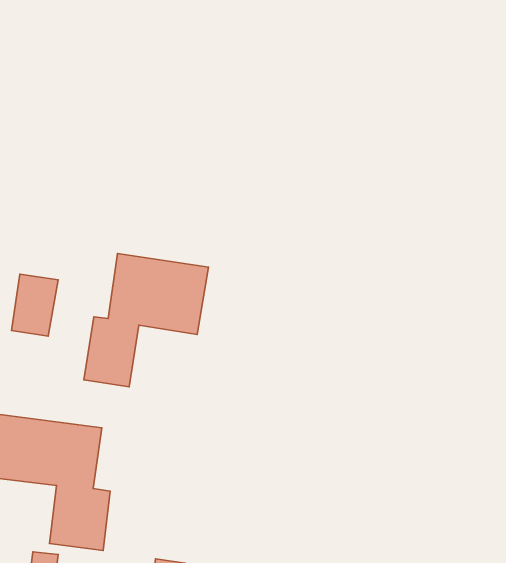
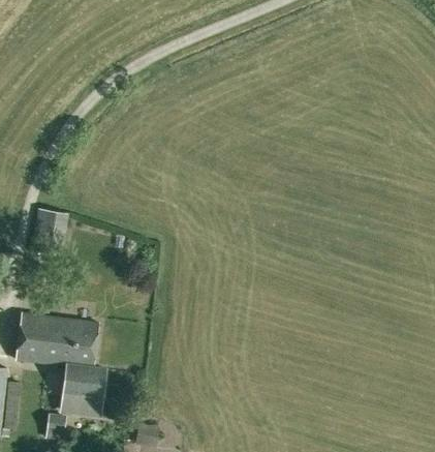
building: [84,254,208,387] -> none

